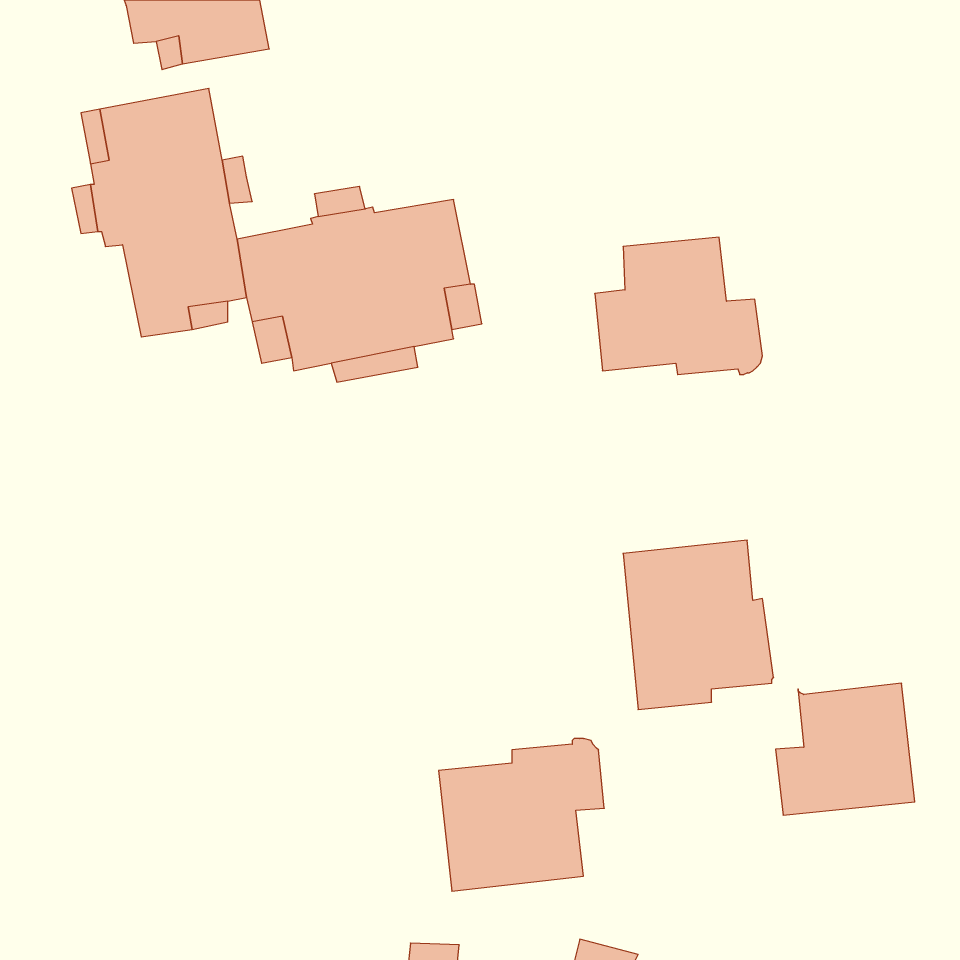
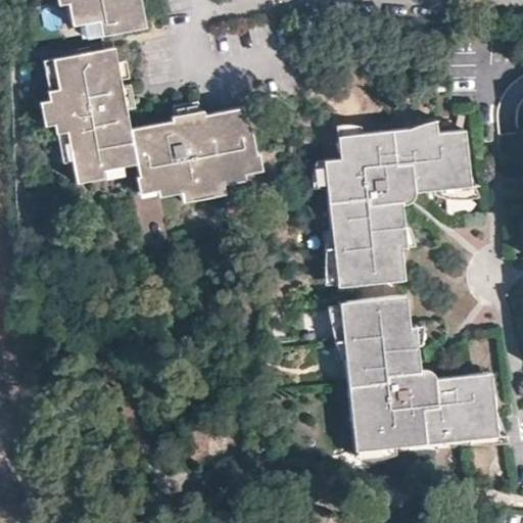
building: none -> [391,120,471,194]
building: none -> [328,198,407,287]
building: [439,739,604,891] -> [347,369,437,451]

